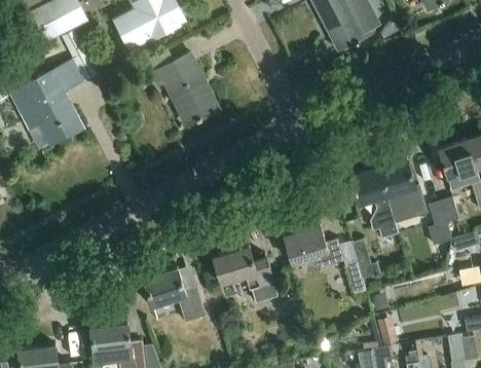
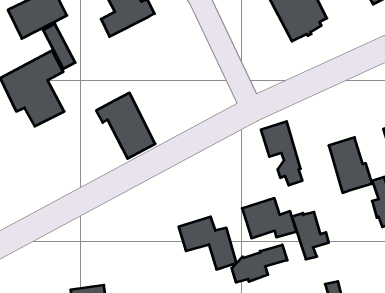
building: [152,52,218,125] -> [96,93,155,159]
building: [350,167,397,237] -> [261,121,302,185]
building: [144,266,206,322] -> none
building: none -> [232,245,287,282]

